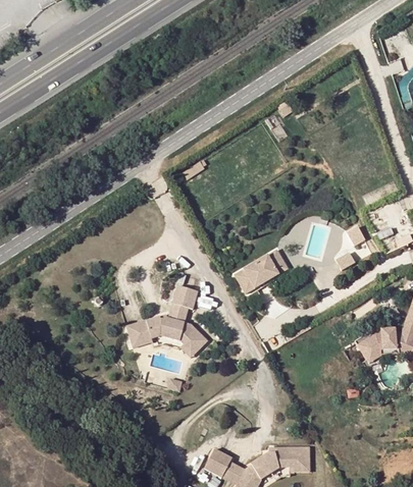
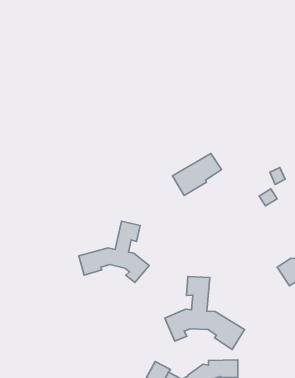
building: [231,249,288,296] -> [173,154,221,195]
building: none -> [165,277,245,350]

